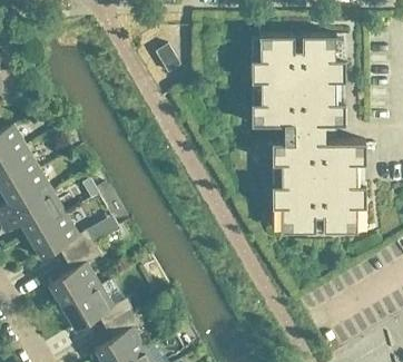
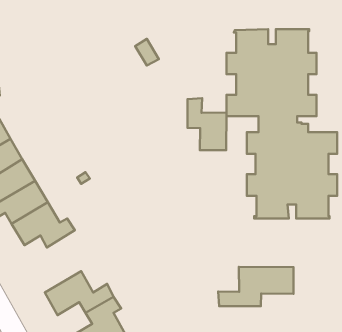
building: none -> [187,98,226,150]
building: [49,242,101,306] -> none
building: none -> [218,267,294,306]

